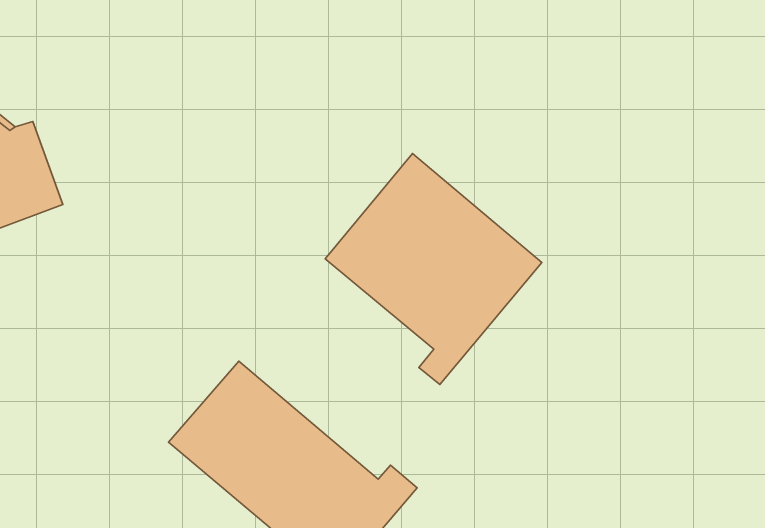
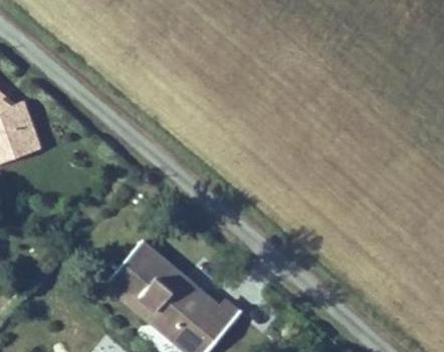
building: [325,153,542,384] -> none

